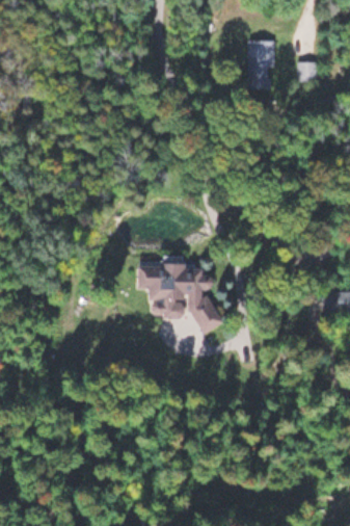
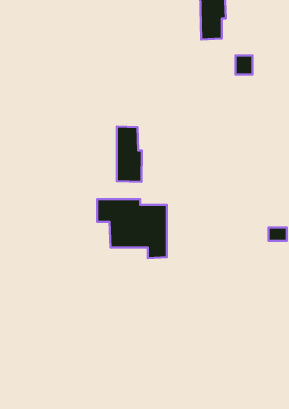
building: [299,61,318,82] -> [235,55,253,74]
building: none -> [117,127,142,182]

